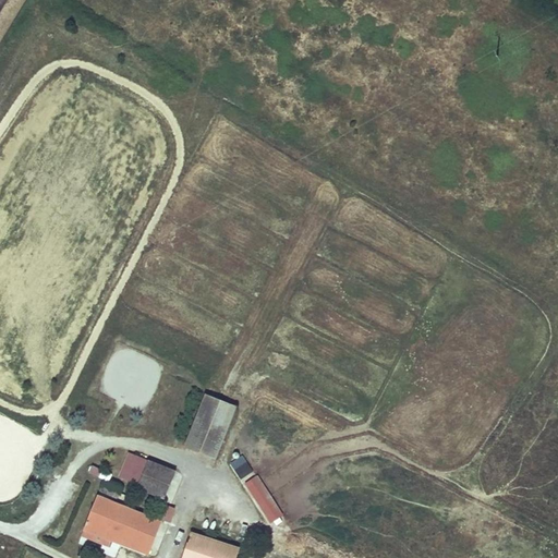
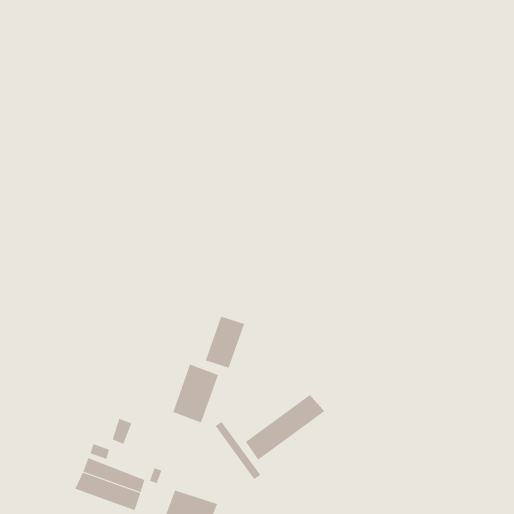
building: none -> [205,316,245,368]
building: none -> [245,394,325,461]
building: [132,459,170,497] -> none

